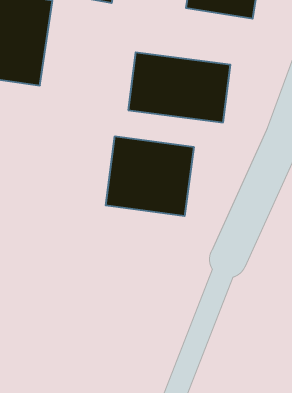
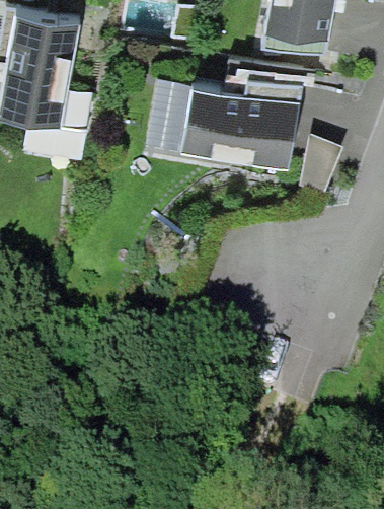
building: [106,136,194,216] -> none

